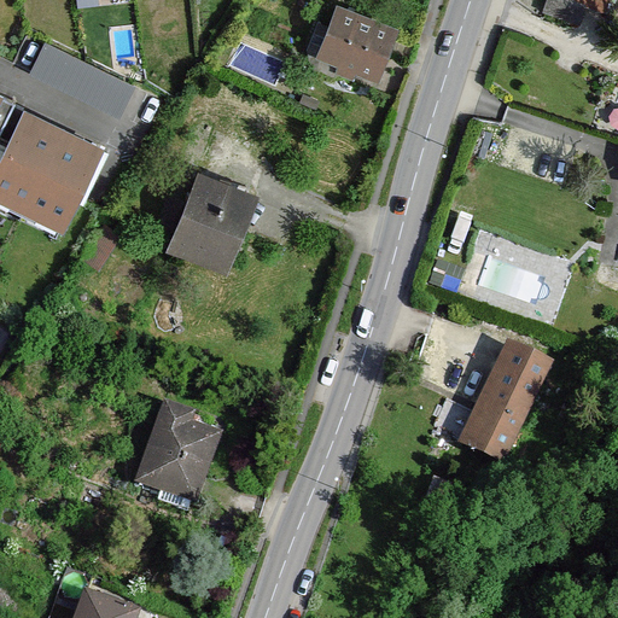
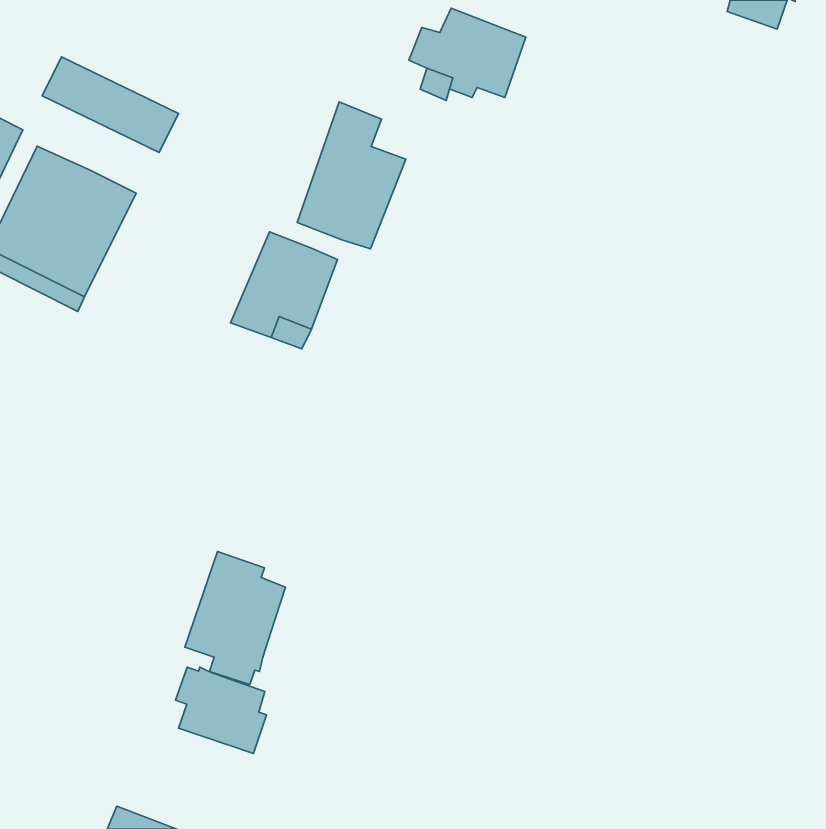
building: none -> [297,102,406,249]
building: [464,348,547,460] -> none
building: none -> [175,667,267,754]

